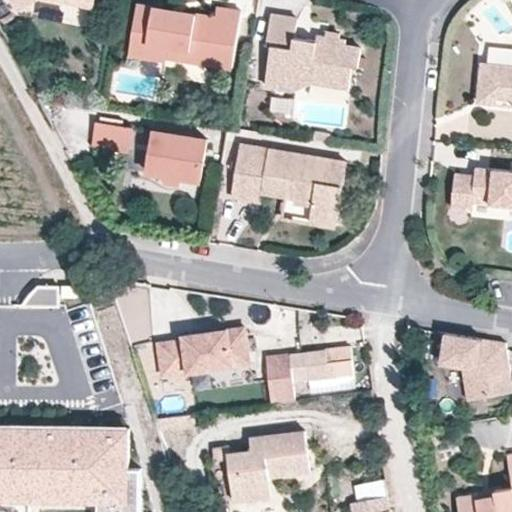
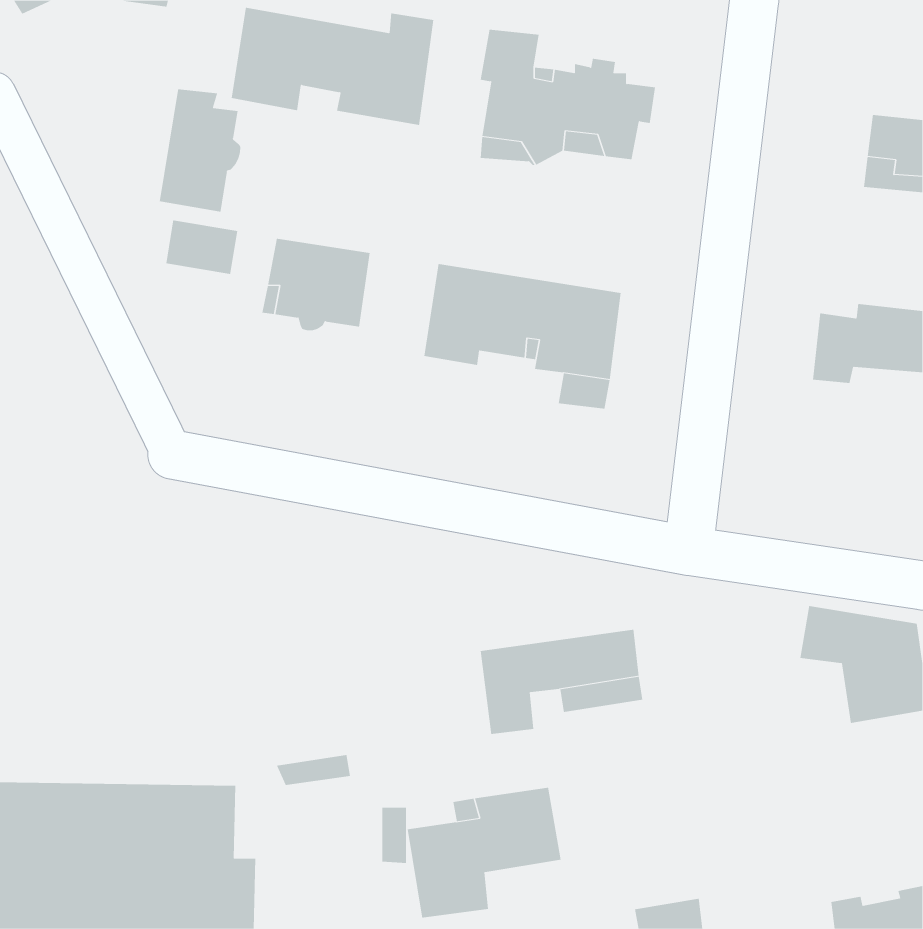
building: none -> [159,88,241,213]
building: [156,328,247,376] -> none

